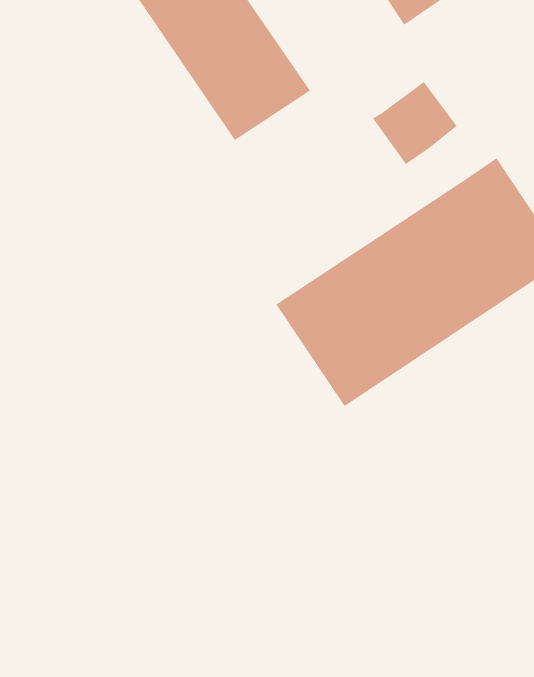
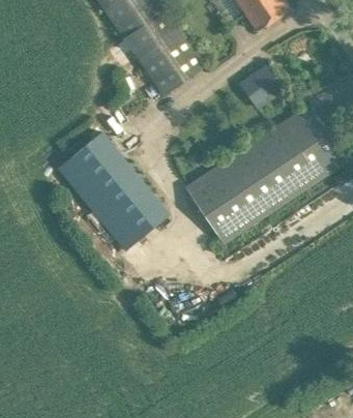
building: none -> [58,132,170,250]

